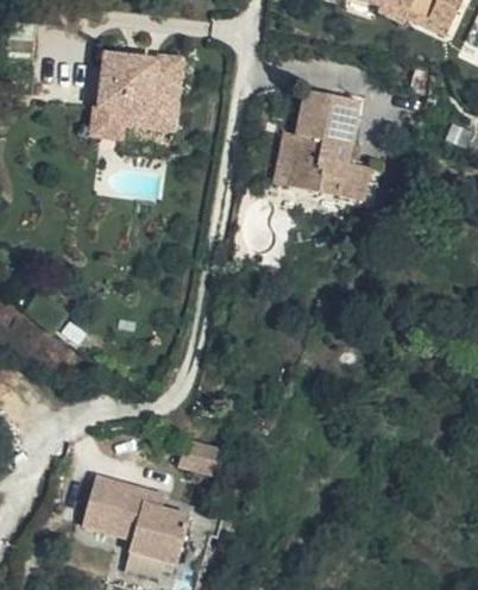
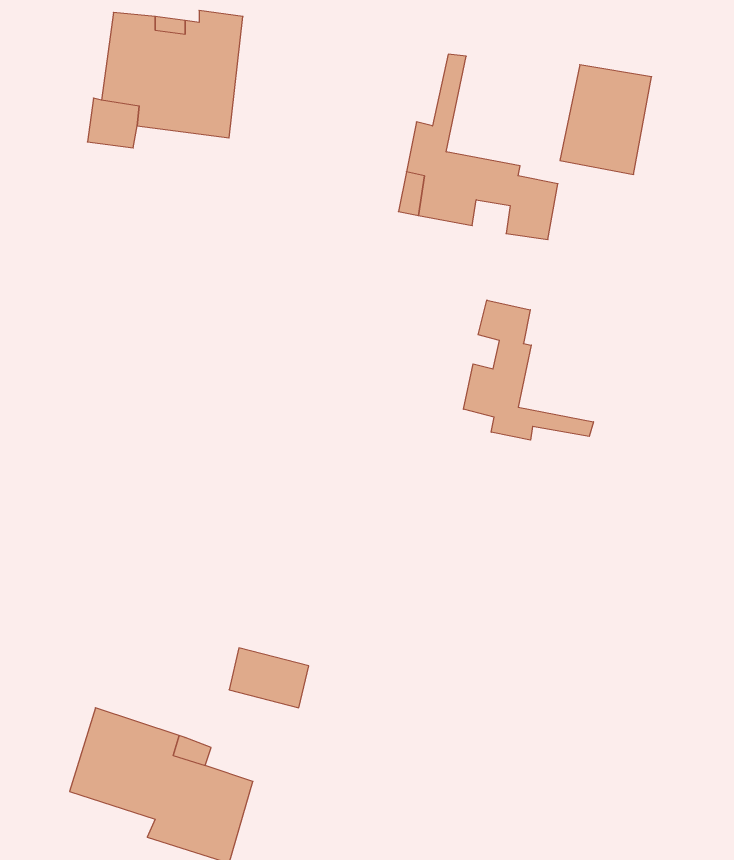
building: [303,87,358,152] -> [560,65,652,174]
building: none -> [463,300,593,440]

